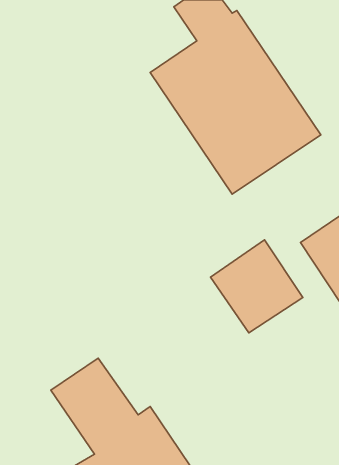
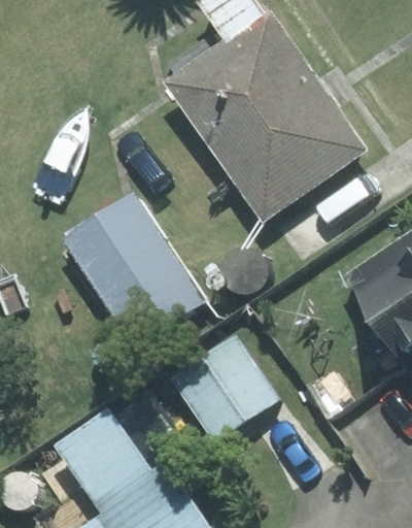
building: none -> [69,196,209,348]
building: [211,240,303,333] -> [174,337,278,442]

